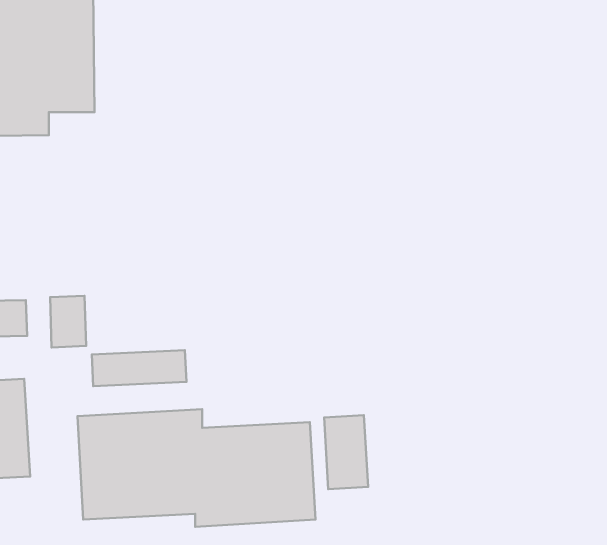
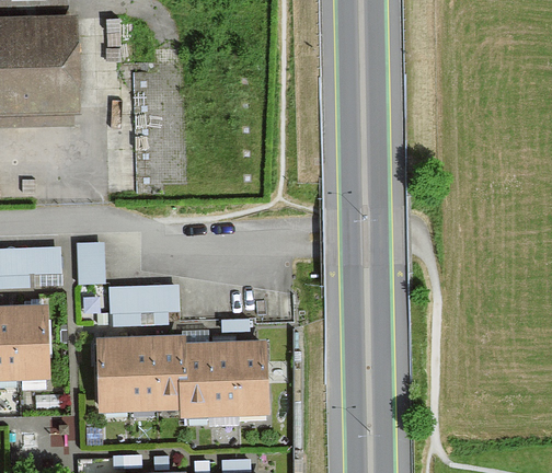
building: [324,415,368,489] -> none

